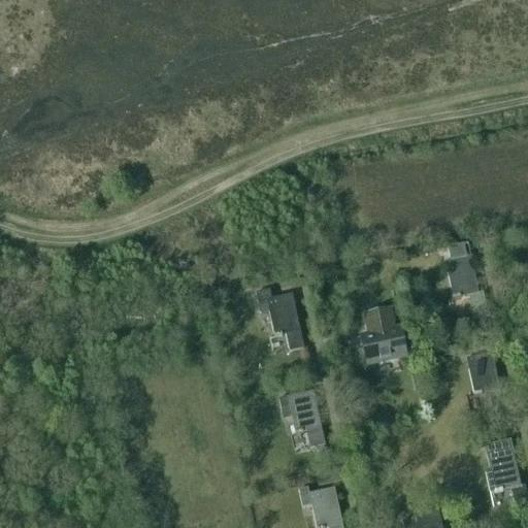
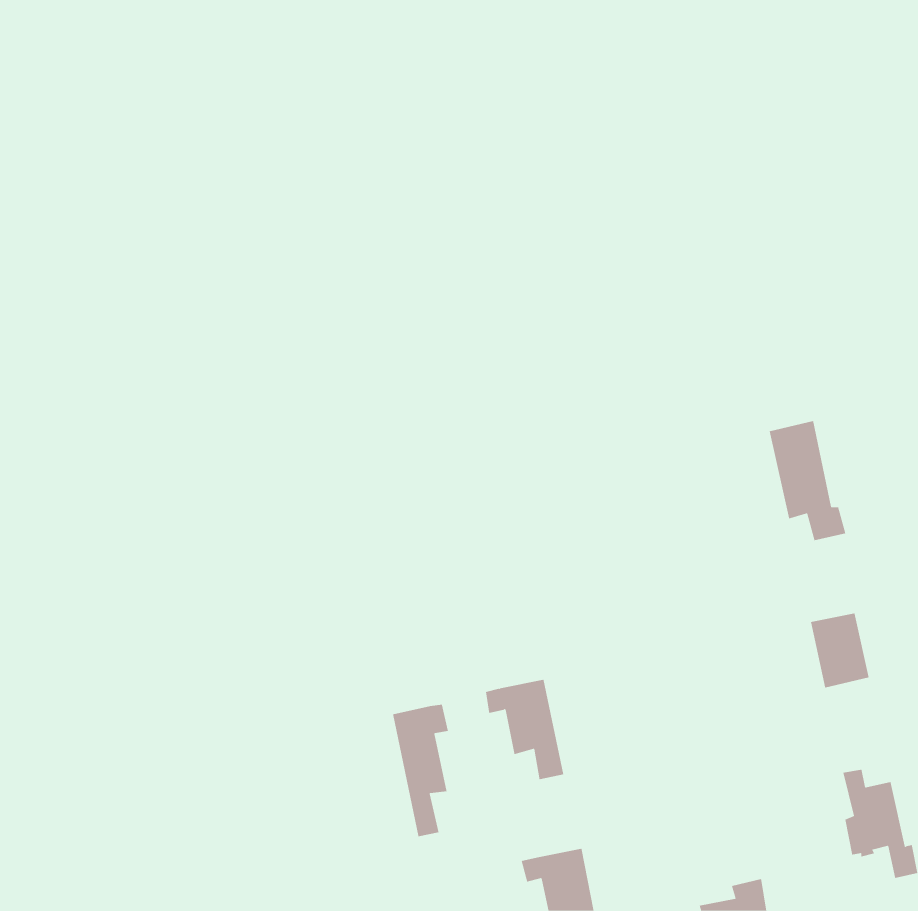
building: [255,289,303,351] -> none
building: [360,308,411,363] -> none
building: none -> [392,704,449,837]

